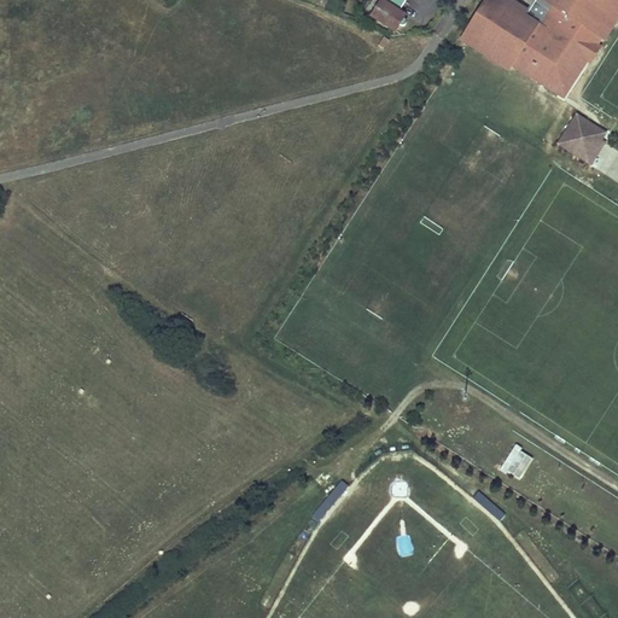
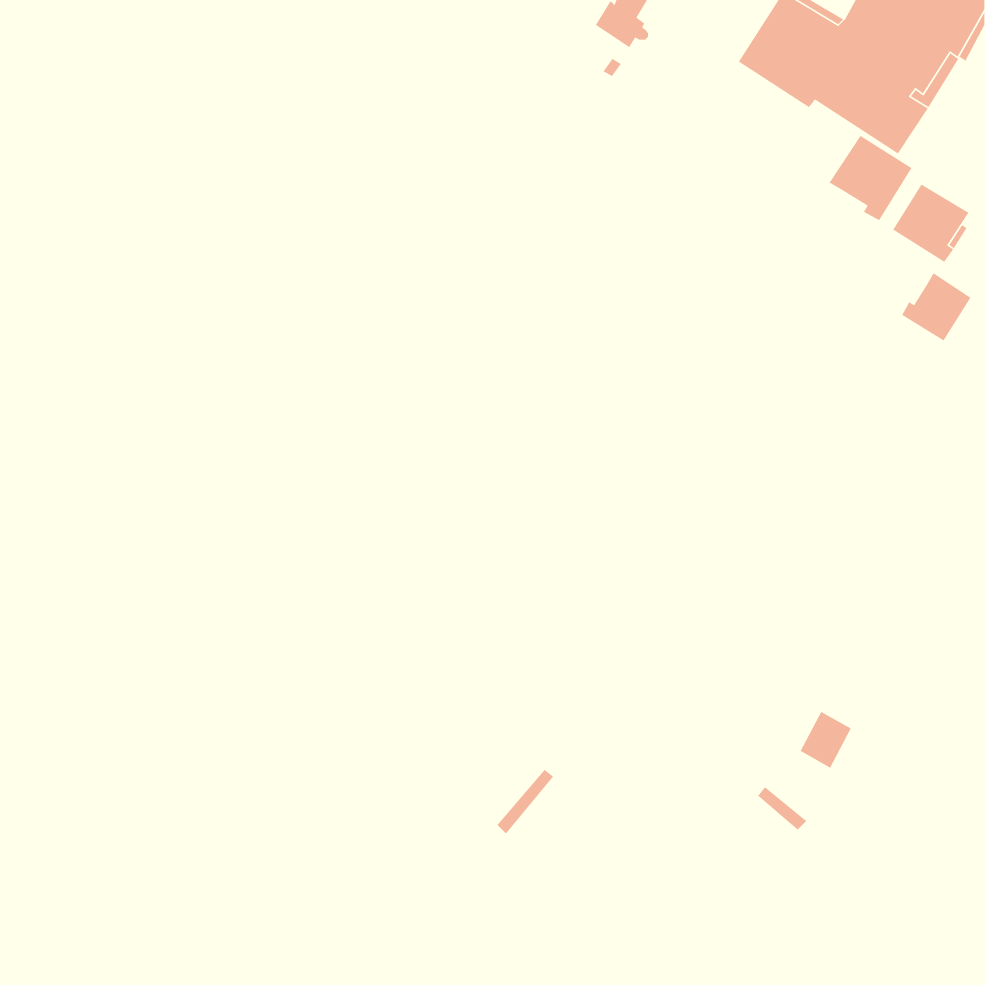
building: none -> [829,135,913,221]
building: none -> [901,272,971,341]

